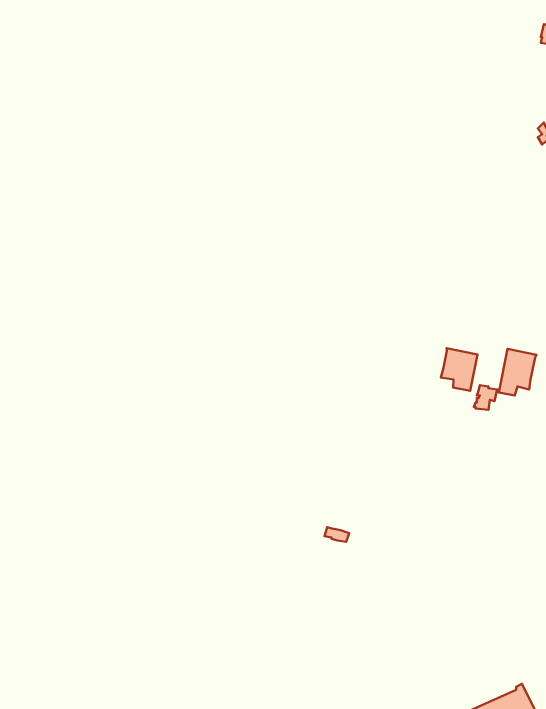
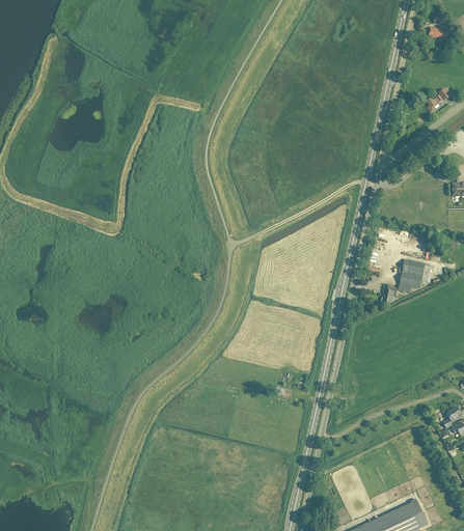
building: [441,348,477,391] -> none

